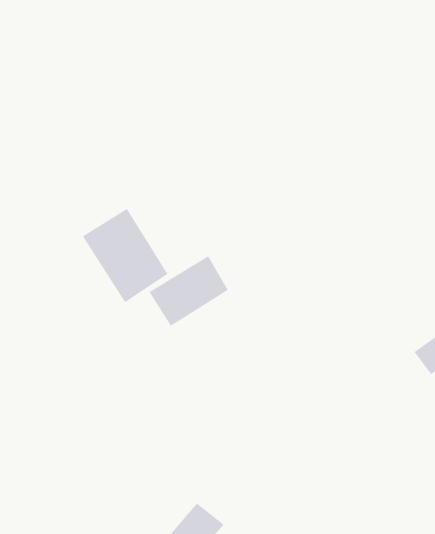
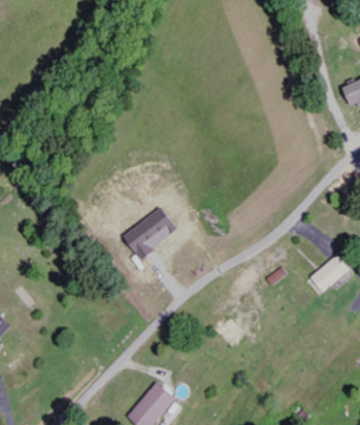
building: [82,208,169,303] -> none

